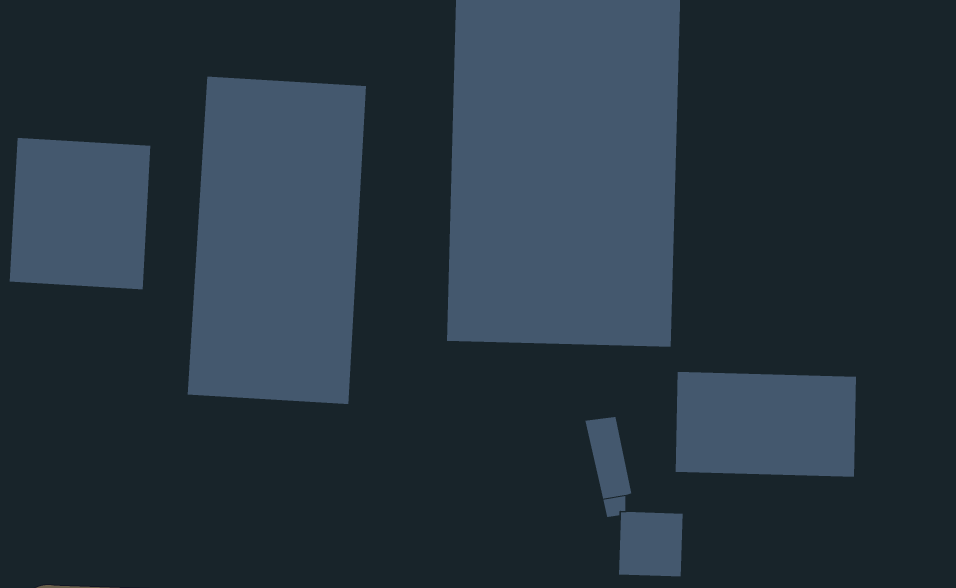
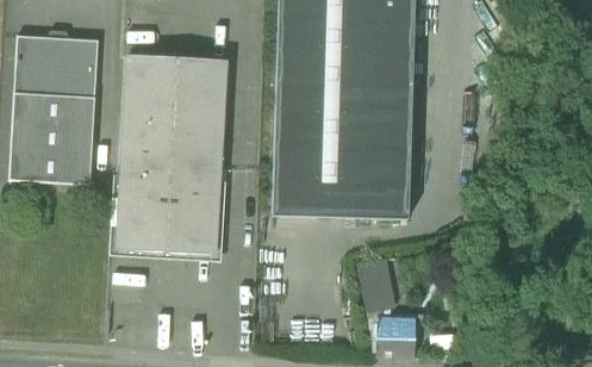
building: none -> [14,35,99,97]
building: [675,371,857,477] -> none

